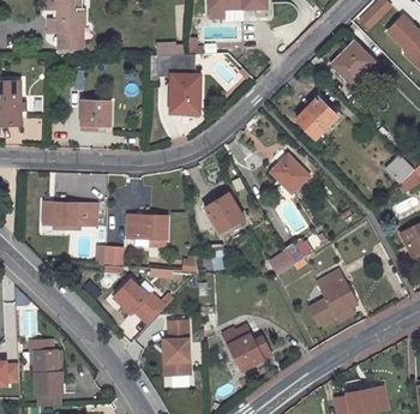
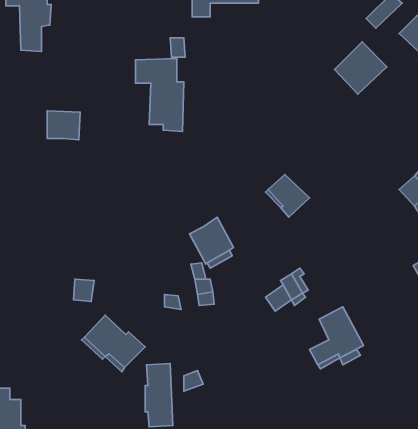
building: [296,96,338,138] -> none
building: [47,202,88,226] -> none
building: [127,214,167,248] -> none
building: [223,325,269,371] -> none

